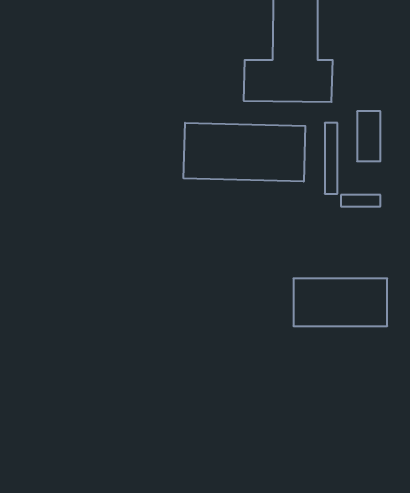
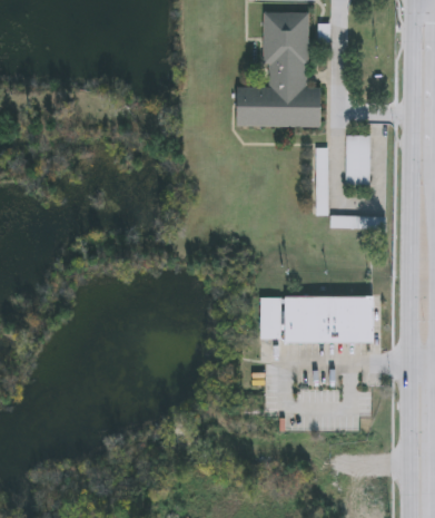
building: [184,123,305,182] -> none
building: none -> [260,297,281,339]

